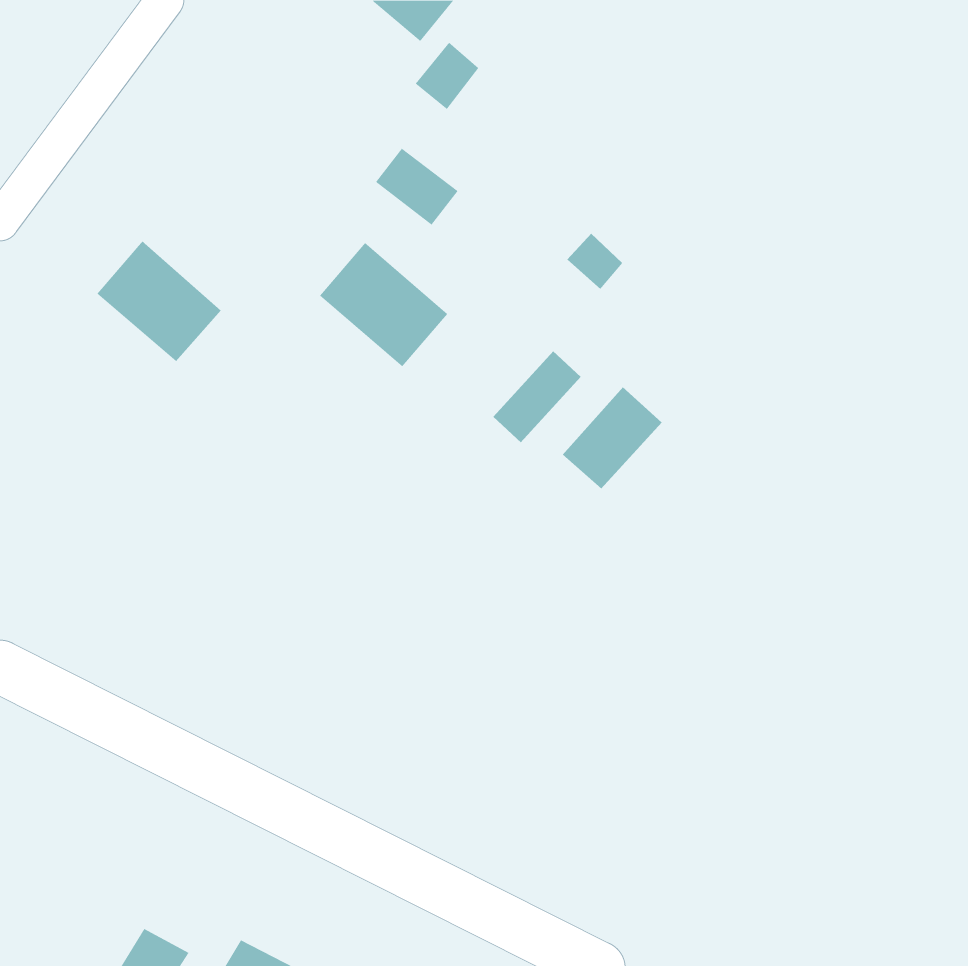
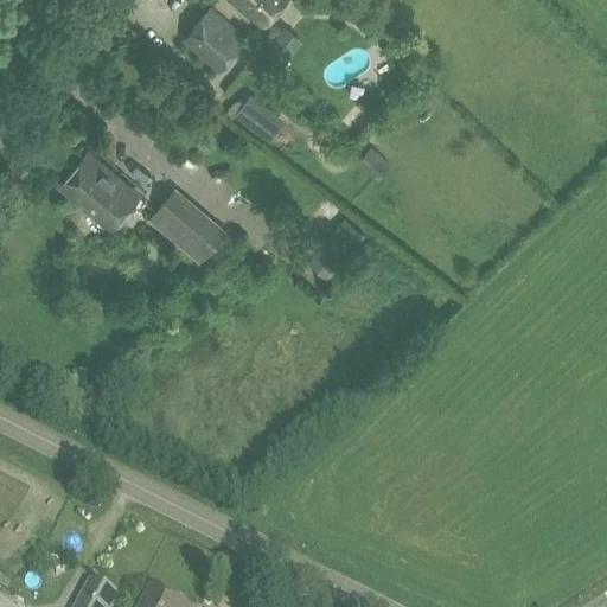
building: none -> [183,9,245,72]
building: [319,242,448,367] -> [147,189,228,267]
building: [562,386,663,490] -> none

